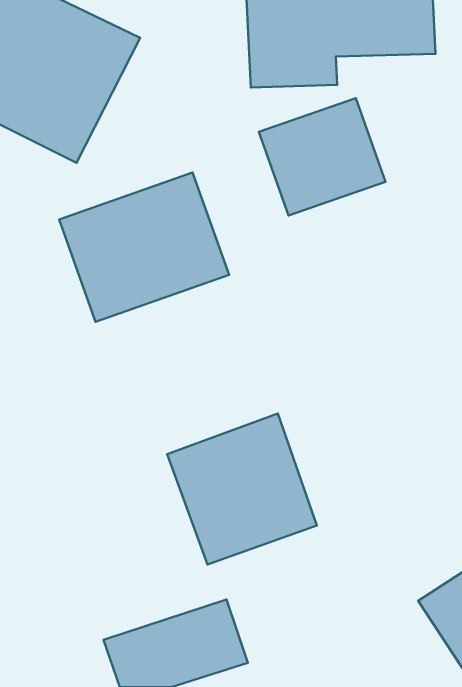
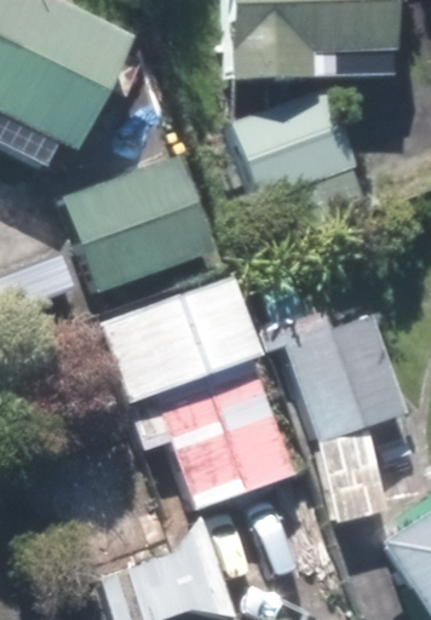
building: none -> [97,279,259,402]
building: none -> [262,310,407,523]

